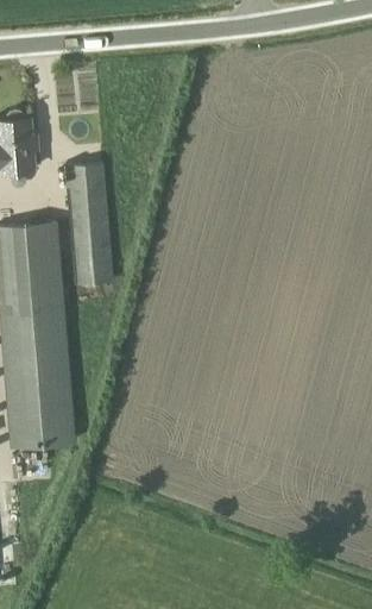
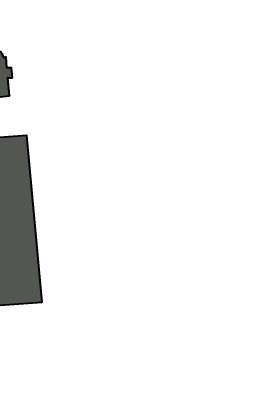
building: [65,164,114,288] -> none

